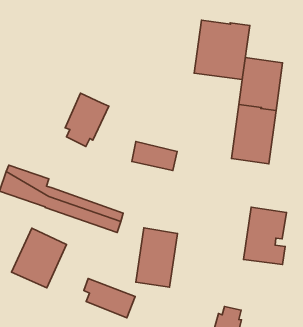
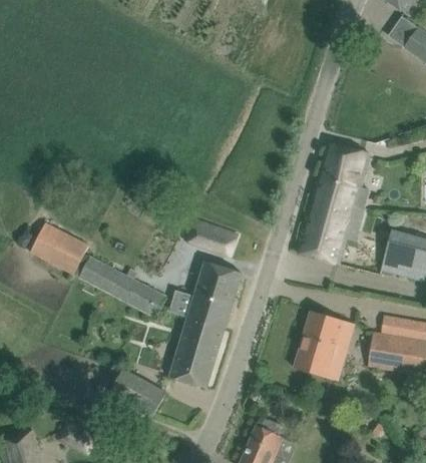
building: [194,20,250,80] -> none
building: [65,93,109,146] -> none
building: none -> [187,261,242,328]
building: [11,228,67,288] -> none

